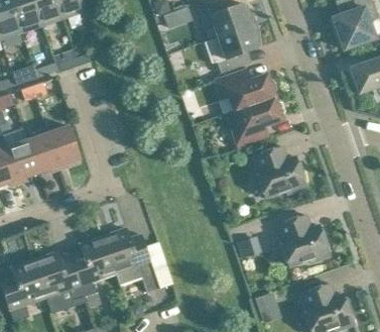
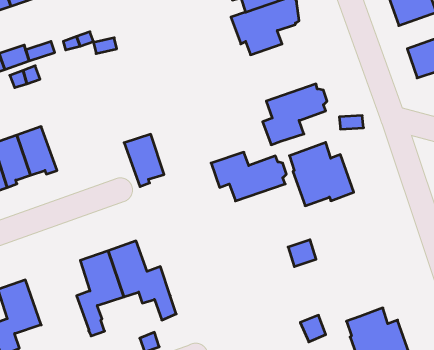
building: [214,71,276,111] -> [211,152,286,201]
building: [47,125,81,169] -> [124,134,164,187]
building: [276,214,331,266] -> none
building: [34,251,87,313] -> none

